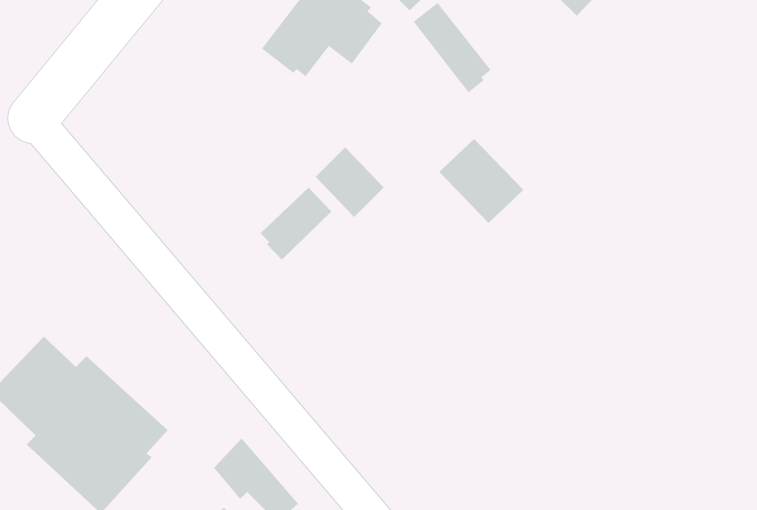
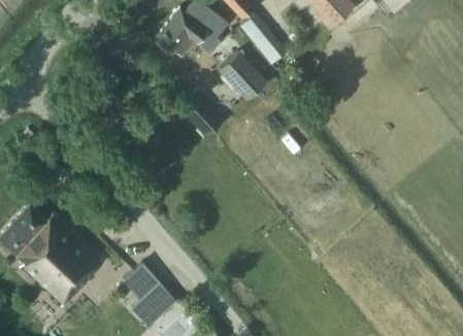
building: [439,138,524,224] -> [220,52,269,101]
building: [260,187,332,260] -> none

